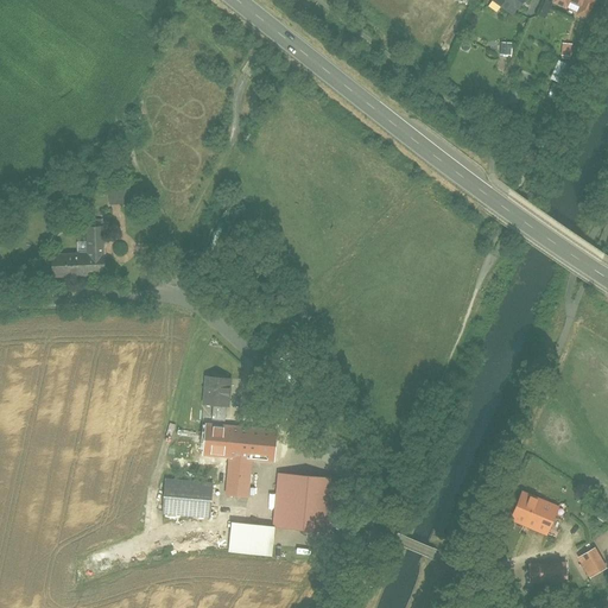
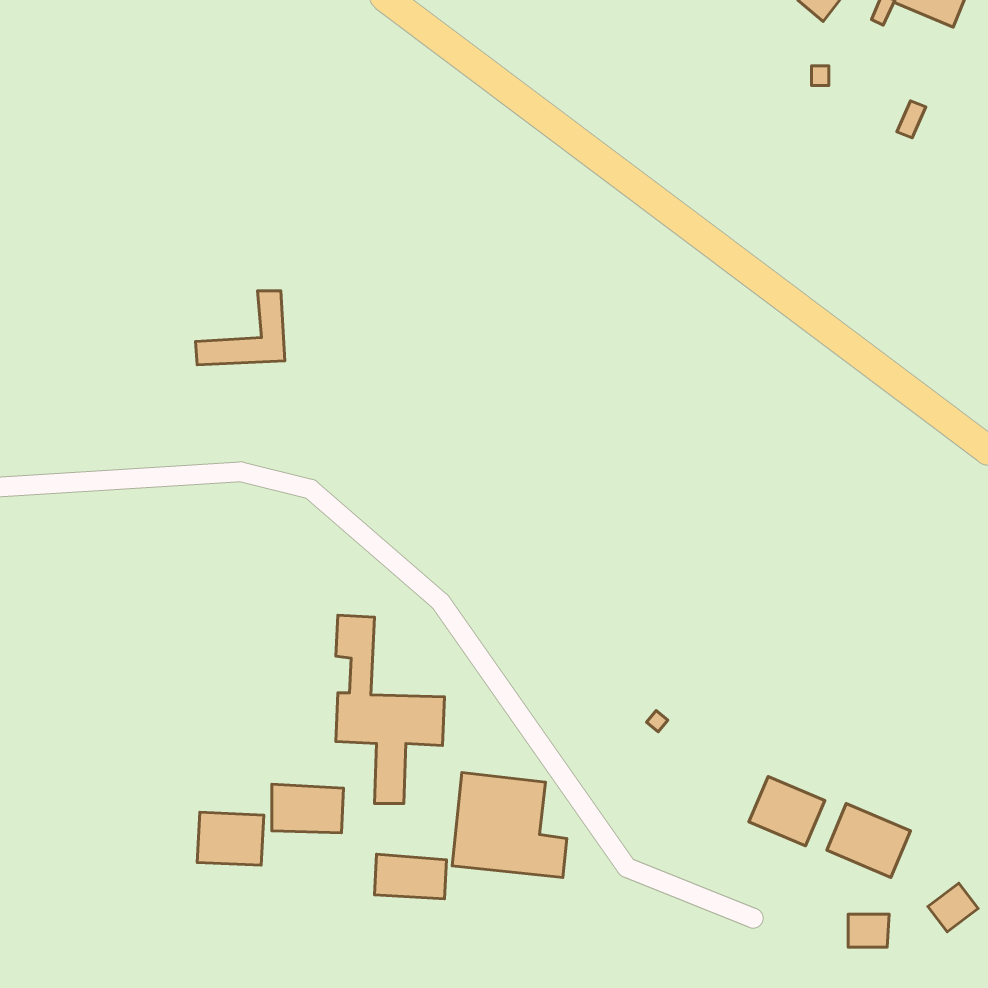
building: [50,227,104,272] -> [195,291,285,365]
building: none -> [749,777,825,846]
building: none -> [197,812,264,865]

